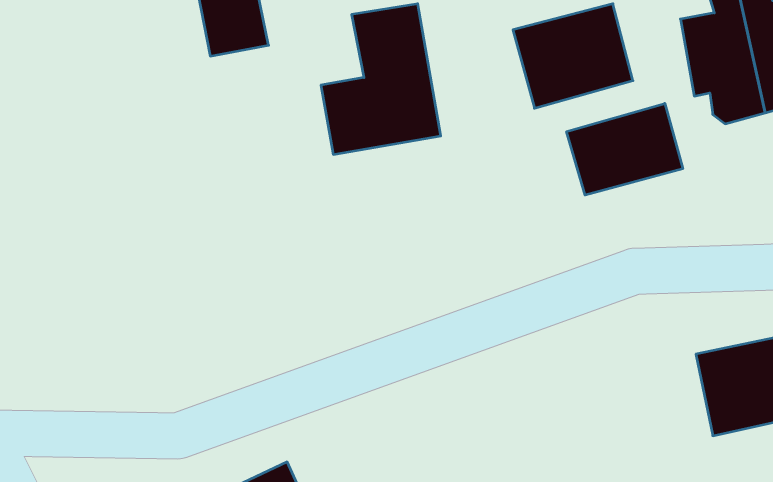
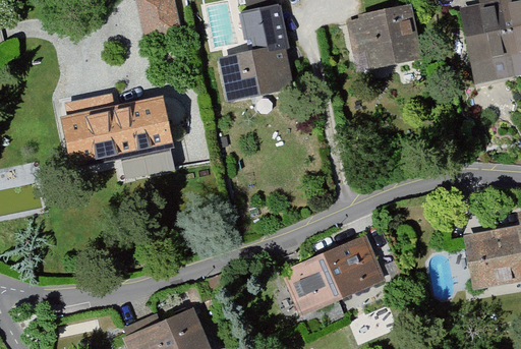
building: [567,103,683,195] -> none
building: none -> [66,96,178,170]
building: none -> [281,234,386,315]

